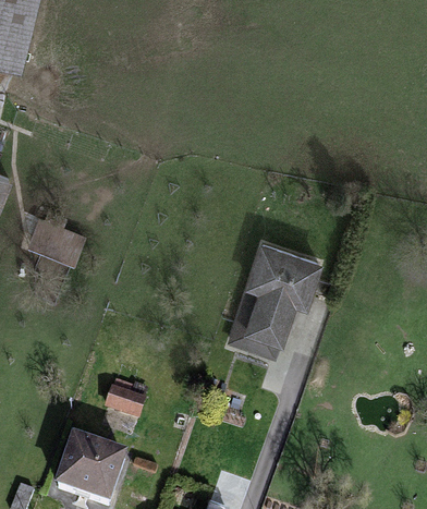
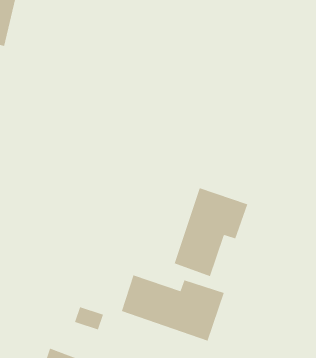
building: [30,221,84,264] -> none
building: none -> [121,275,224,341]

